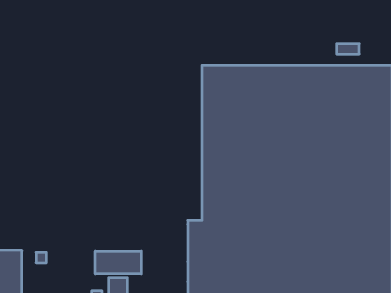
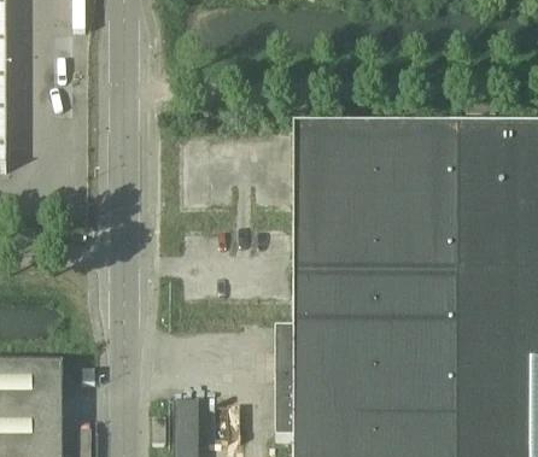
building: [95,251,141,274] -> none

